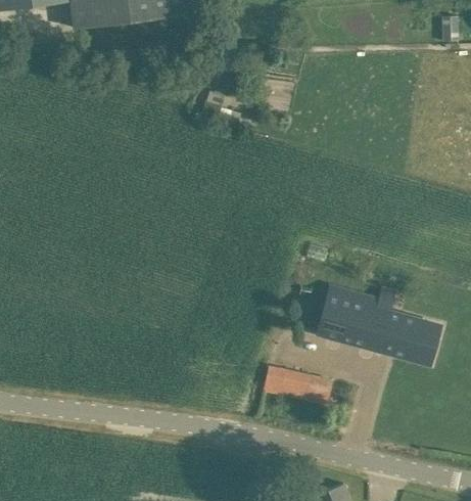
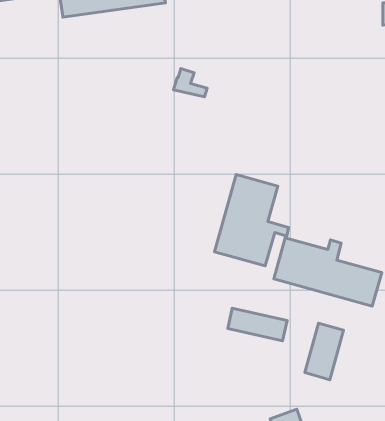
building: none -> [215,175,289,266]
building: none -> [305,323,344,380]

